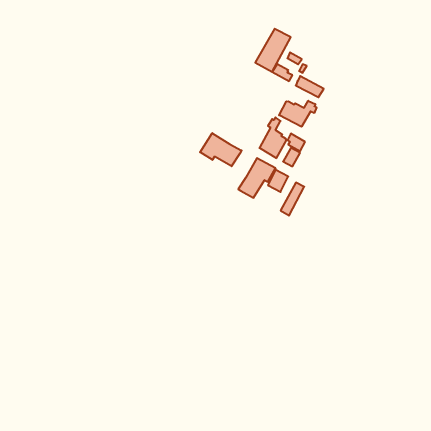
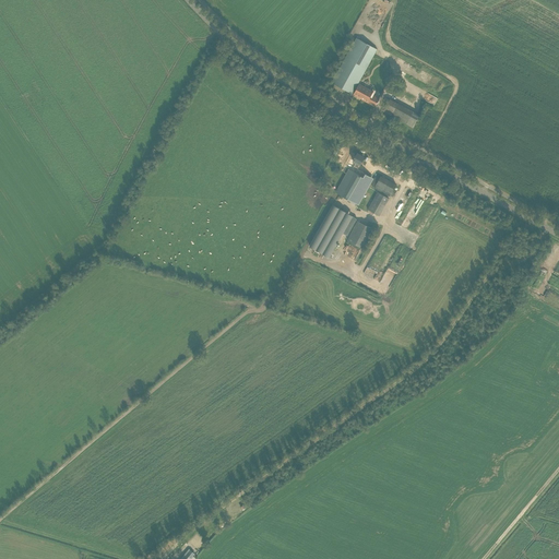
building: [279,101,317,127] -> none
building: [200,133,242,166] -> none

